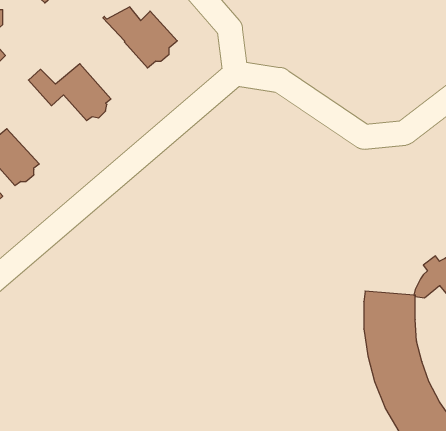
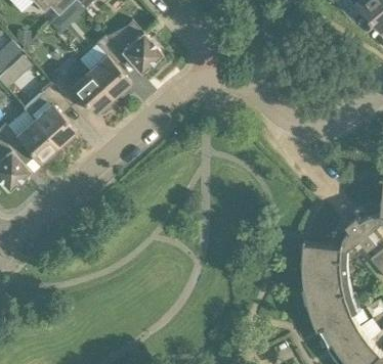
building: none -> [87,34,129,97]
building: none -> [32,83,74,146]

